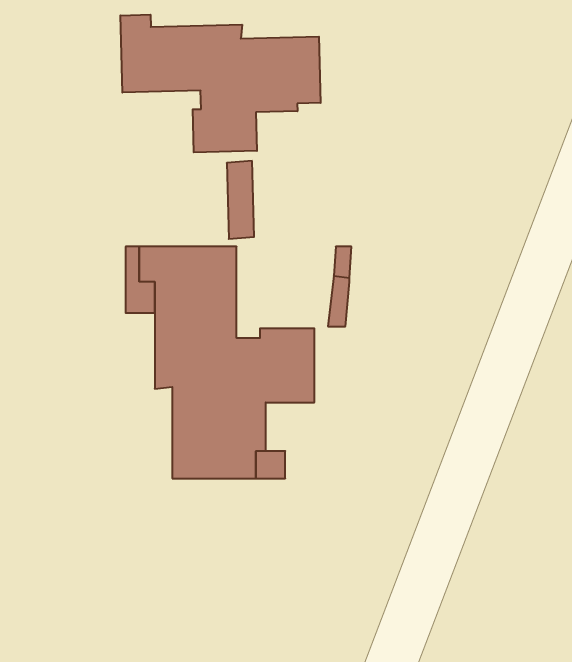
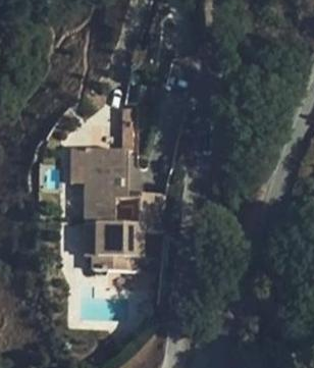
building: [120,15,321,152] -> none

